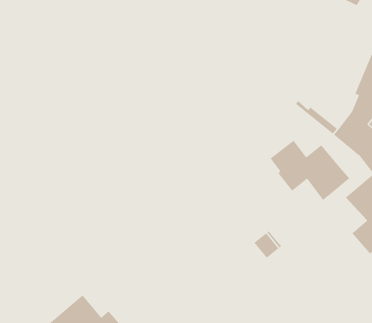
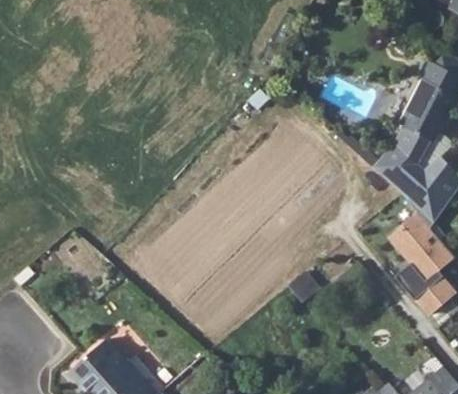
building: [270,140,350,201] -> none

